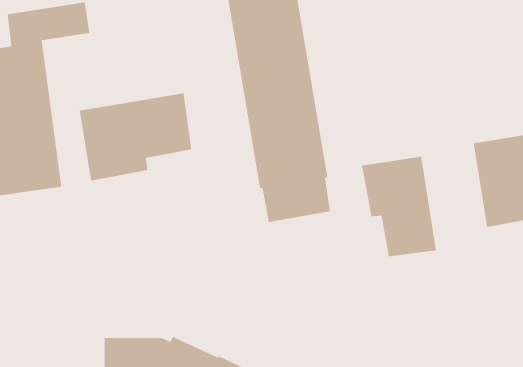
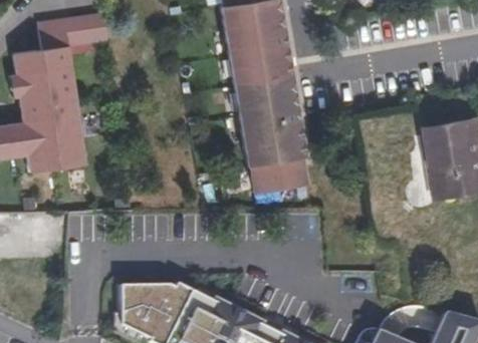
building: [79,92,192,182] -> none
building: [361,156,437,257] -> none

